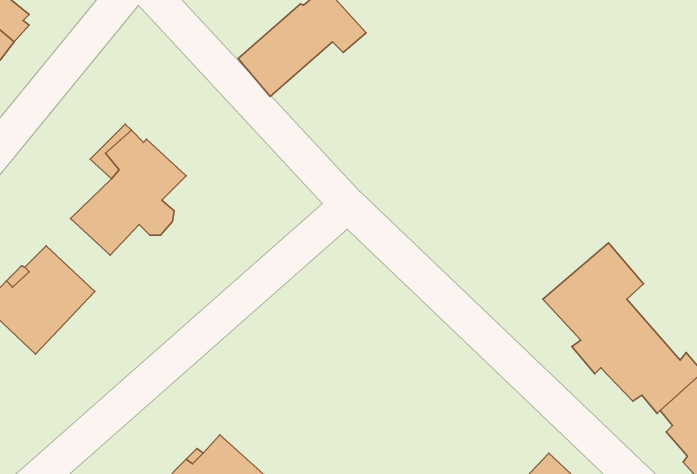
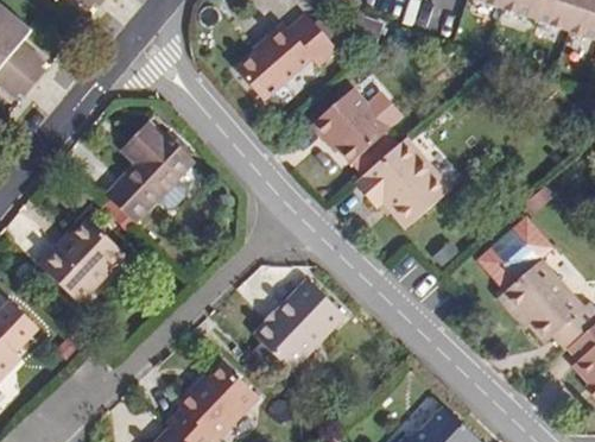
building: none -> [302,97,386,172]
building: none -> [344,146,442,236]
building: none -> [247,289,335,378]

